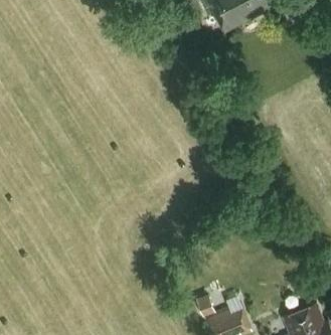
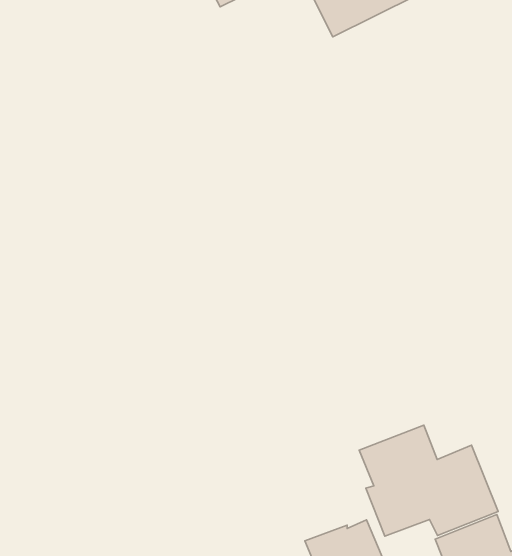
building: none -> [359,425,498,536]

